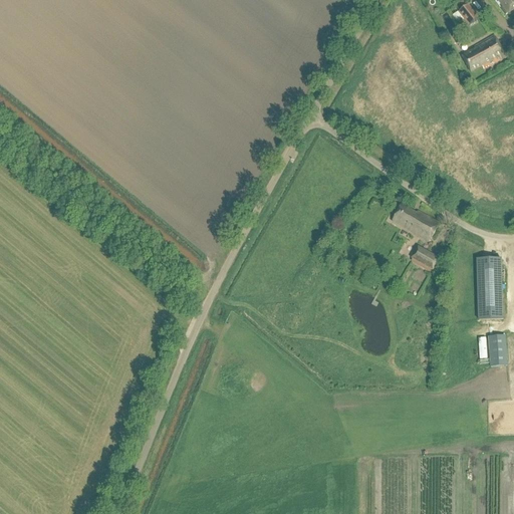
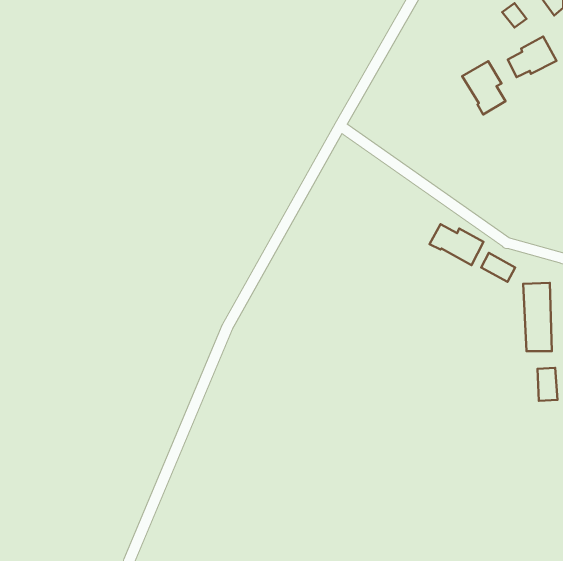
building: none -> [462,61,506,115]
building: [410,244,441,270] -> [481,253,515,282]

